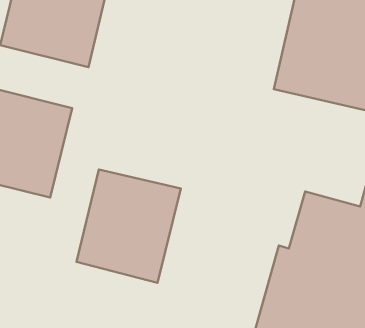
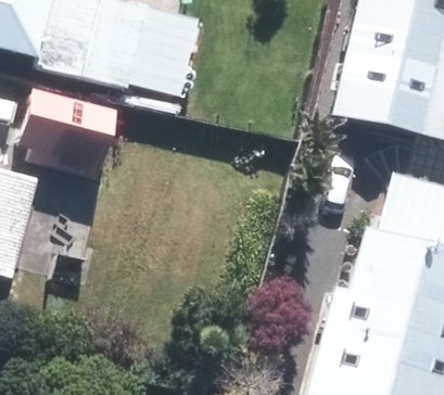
building: [76,170,181,283] -> none

